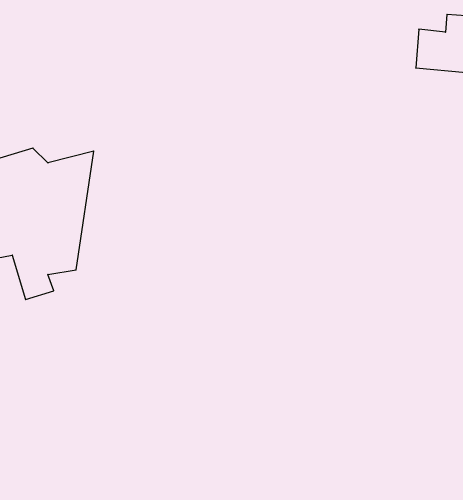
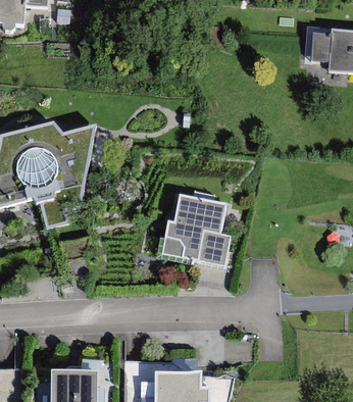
building: none -> [165,198,226,260]

